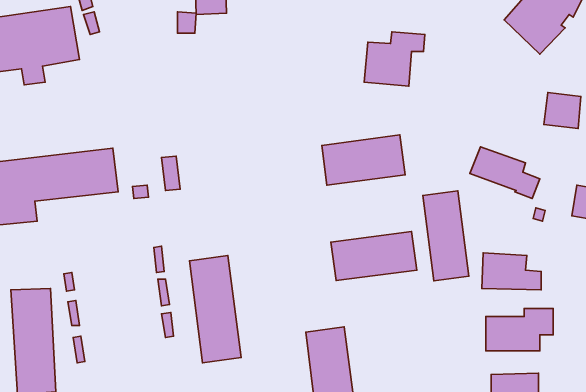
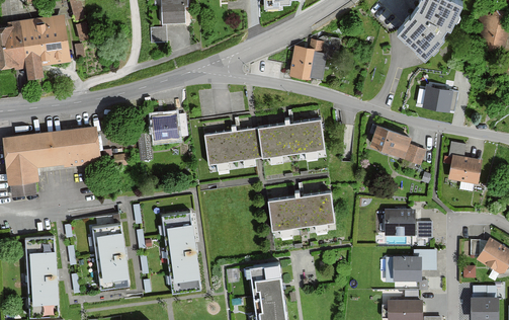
building: none -> [154,115,180,142]
building: none -> [198,126,263,164]
building: [423,191,469,281] -> none
building: none -> [87,220,125,287]

